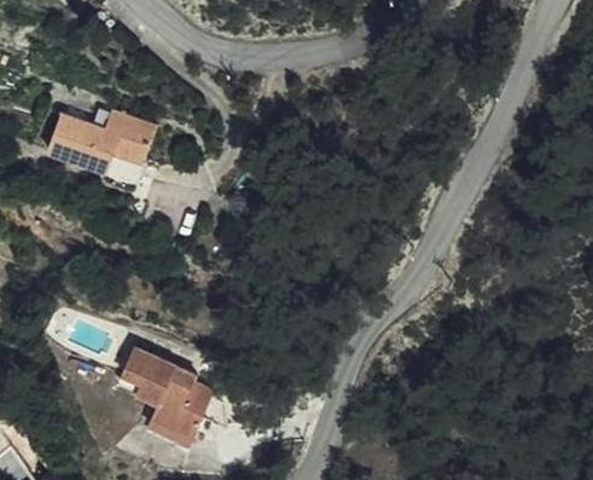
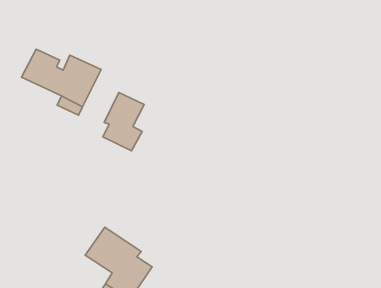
building: none -> [103,92,144,151]

